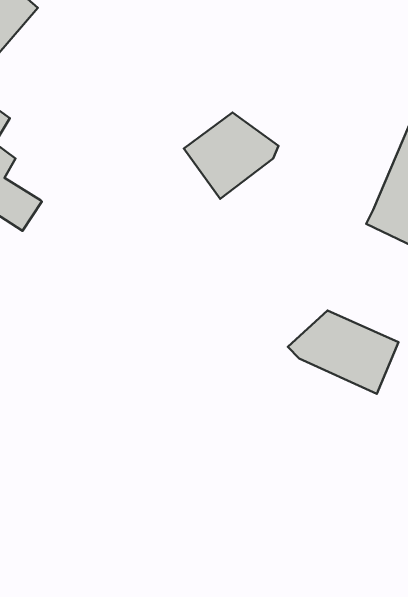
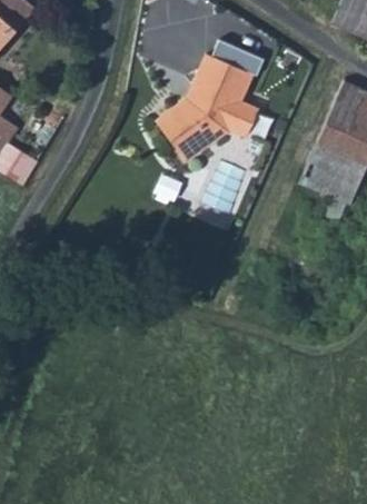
building: none -> [192,52,251,118]
building: [288,310,399,394] -> none

